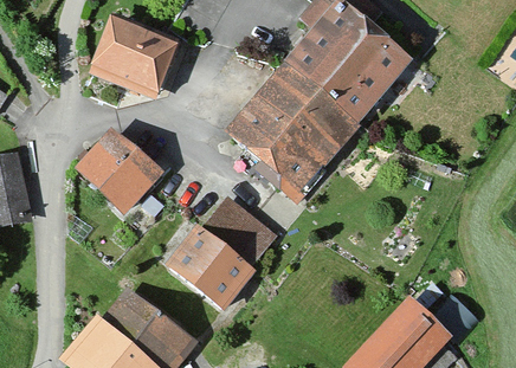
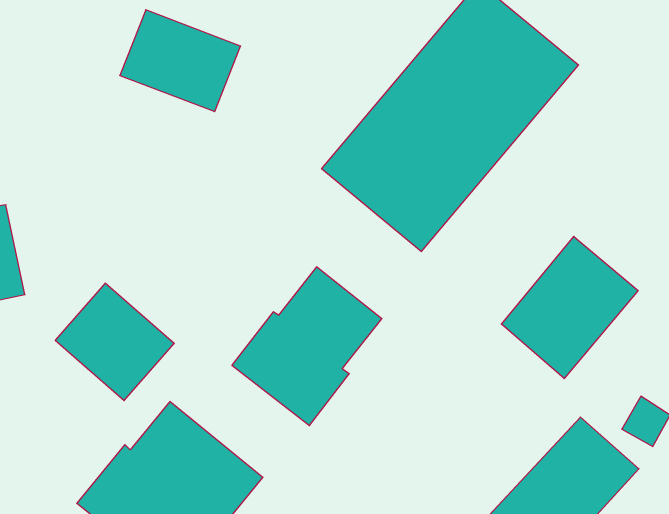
building: [77,130,159,211] -> [55,283,174,401]
building: none -> [501,236,638,379]

